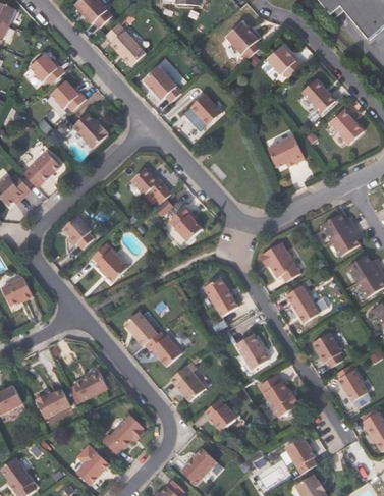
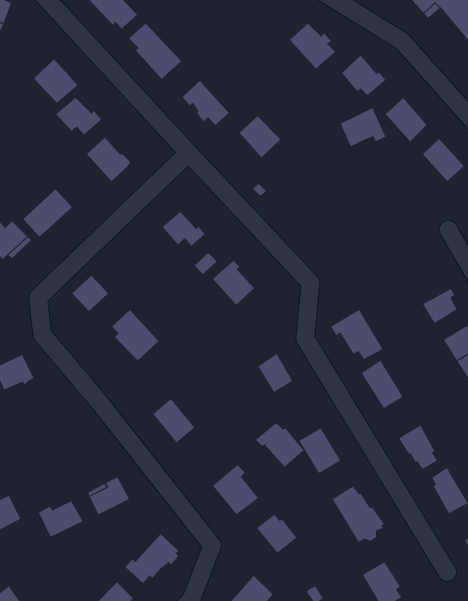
building: [268,136,304,167] -> [340,107,386,147]
building: [321,212,352,238] -> none
building: [144,330,181,365] -> [255,422,304,468]

